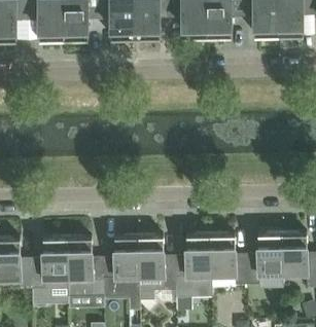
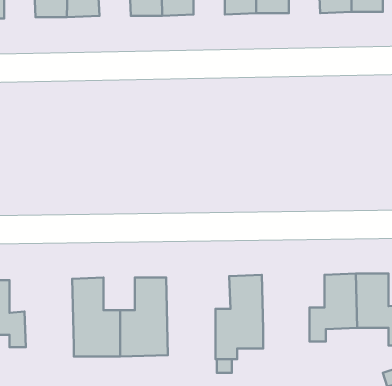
building: [210,233,246,284] -> none
building: [138,234,175,299] -> none
building: [31,237,68,306] -> none

